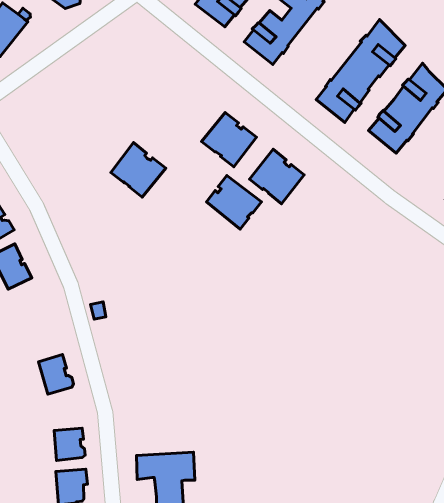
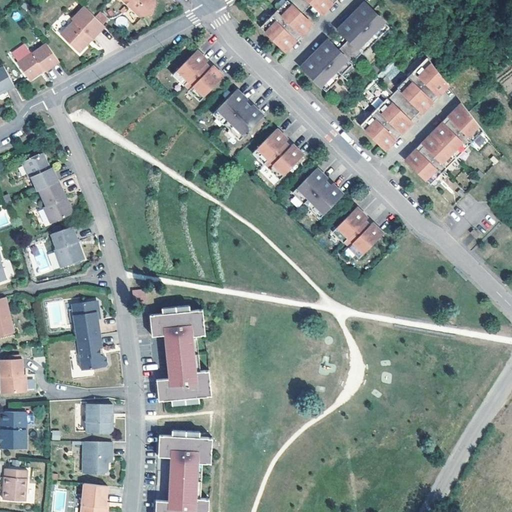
building: none -> [173,49,224,100]
building: [111,143,166,197] -> [213,88,264,139]
building: [206,176,261,229] -> none
building: none -> [332,206,383,257]
building: none -> [149,309,211,400]
building: none -> [72,299,101,337]

